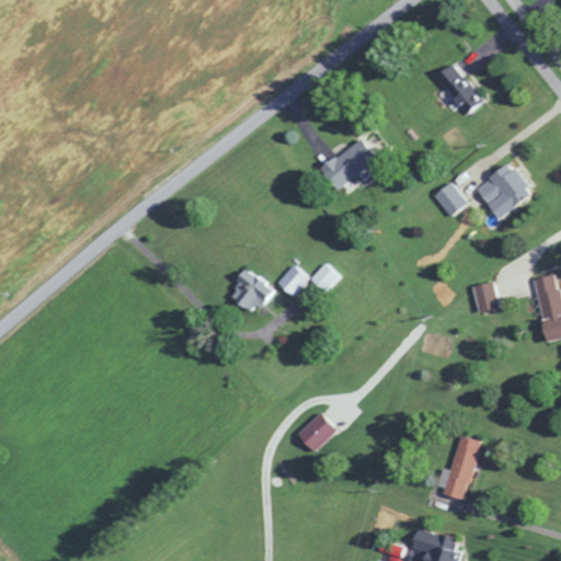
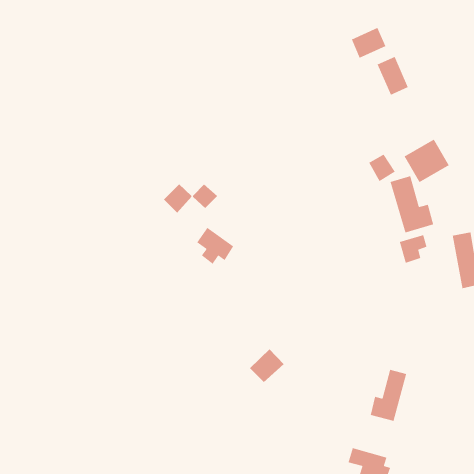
building: none -> [351,27,387,59]
building: [321,150,371,190] -> none
building: none -> [389,175,434,233]
building: [278,264,343,299] -> [163,184,218,213]

